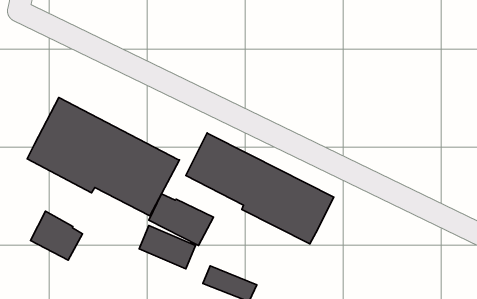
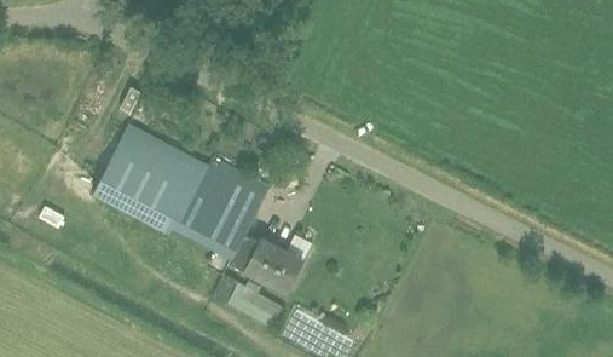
building: [186,133,334,244] -> none
building: [30,211,83,260] -> none

